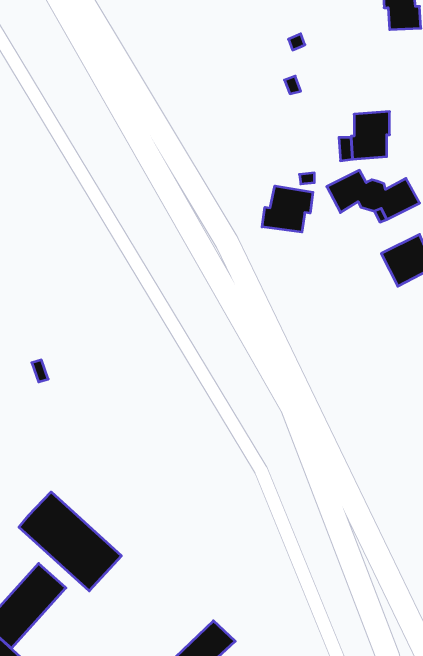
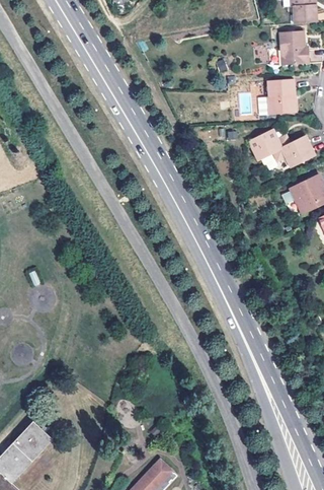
building: none -> [273,30,306,66]
building: [262,186,313,232] -> none
building: [19,492,121,591] -> none

